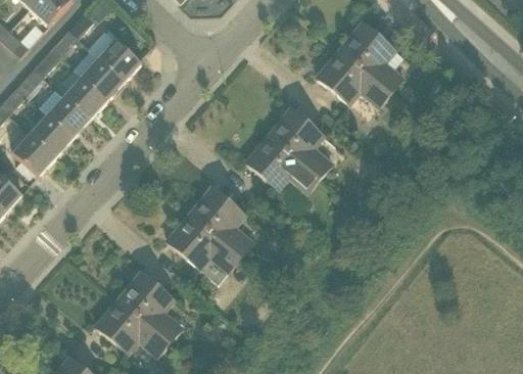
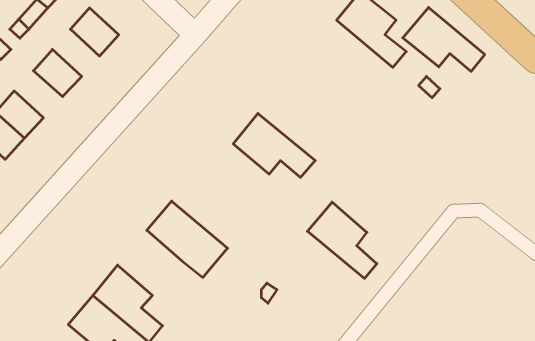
building: [317,49,391,107] -> [403,7,485,71]
building: [82,57,125,100] -> none
building: [47,95,91,138] -> none
building: [269,107,332,177] -> [307,202,377,278]
building: [190,187,253,256] -> none

